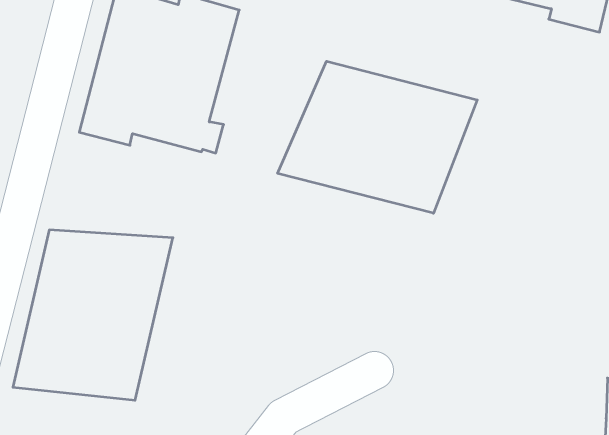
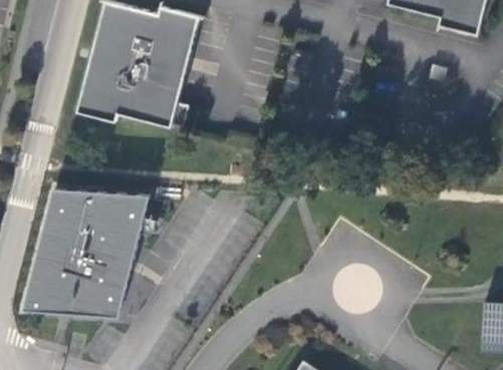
building: [278,61,477,213] -> none

